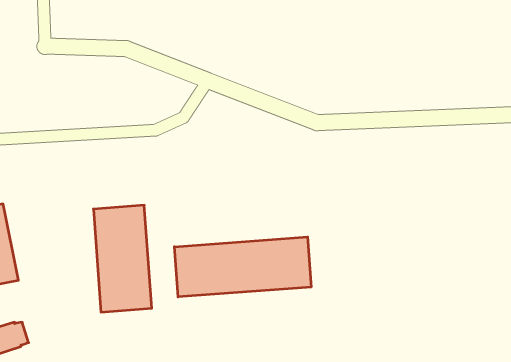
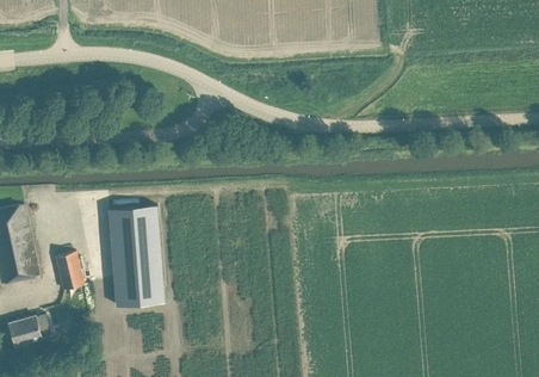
building: [174,237,311,297] -> none
building: none -> [55,251,83,289]

